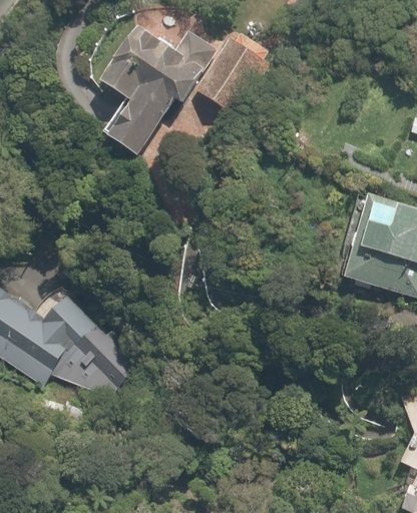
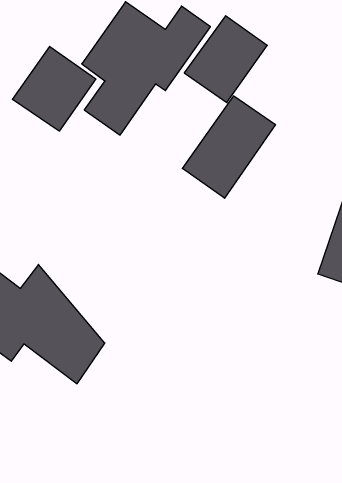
building: none -> [12,46,96,131]
building: none -> [182,96,275,198]

